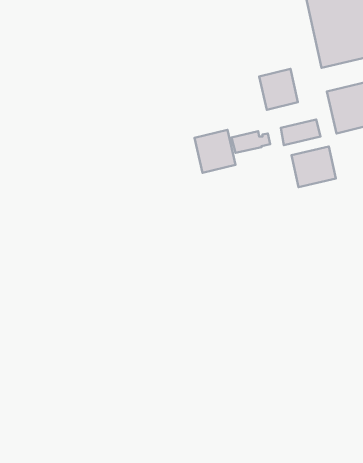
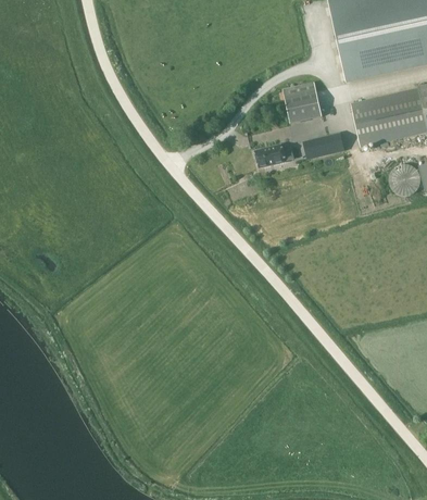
building: [194,130,235,173] -> none
building: [291,146,336,187] -> none

